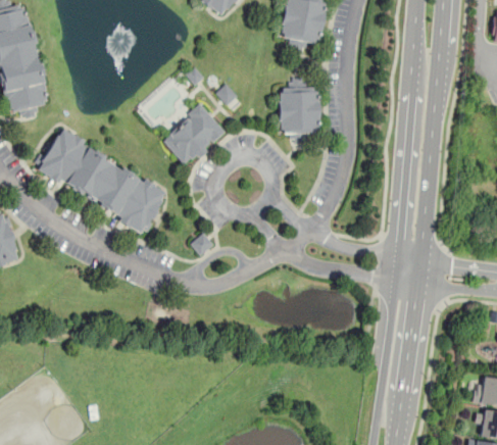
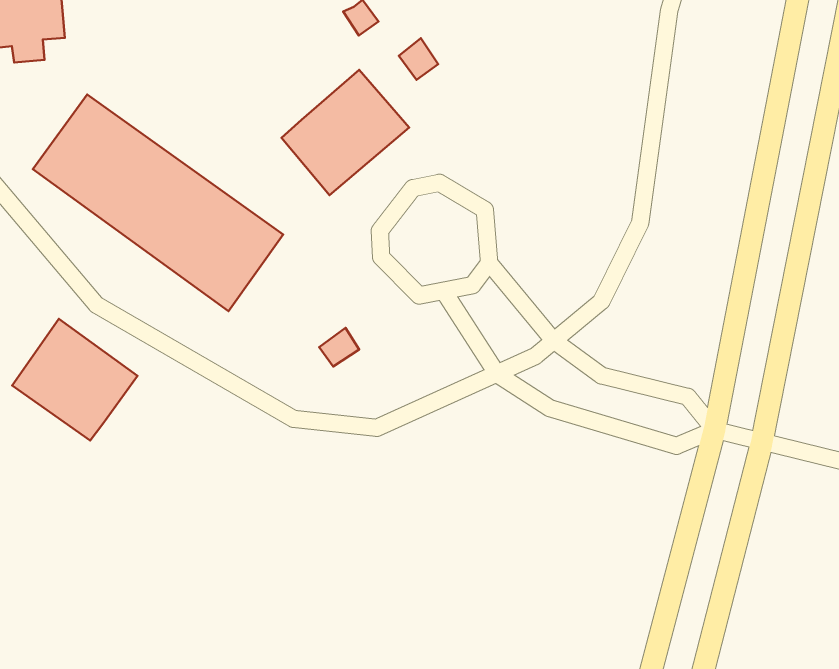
building: [279,80,319,143] -> none
building: none -> [12,319,137,440]

